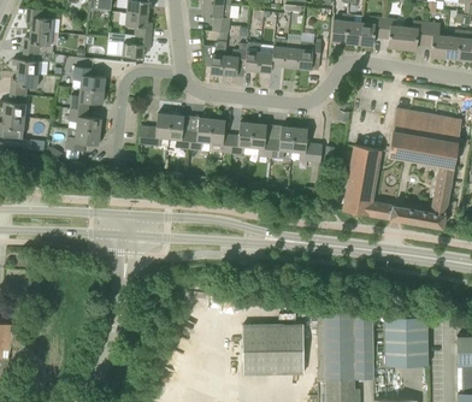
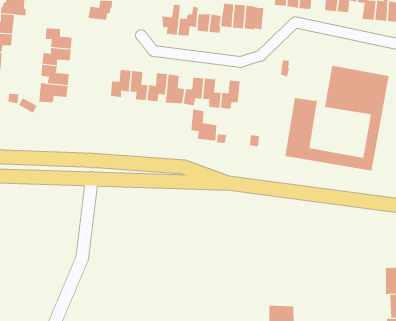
building: [291,128,321,164] -> [191,109,217,141]
building: [317,306,373,380] -> none
building: [384,317,427,367] -> none
building: [242,325,303,374] -> none

